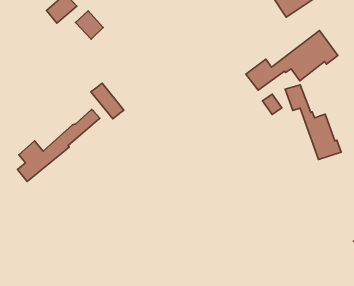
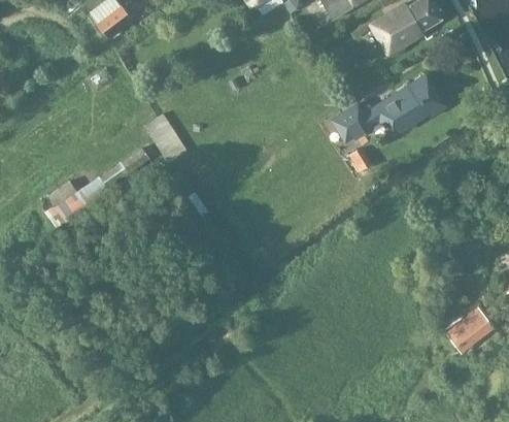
building: [75,11,103,39] -> none
building: [285,85,341,159] -> none

